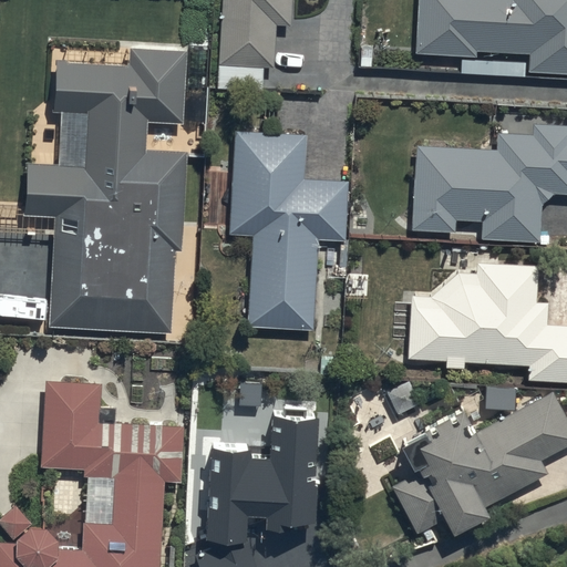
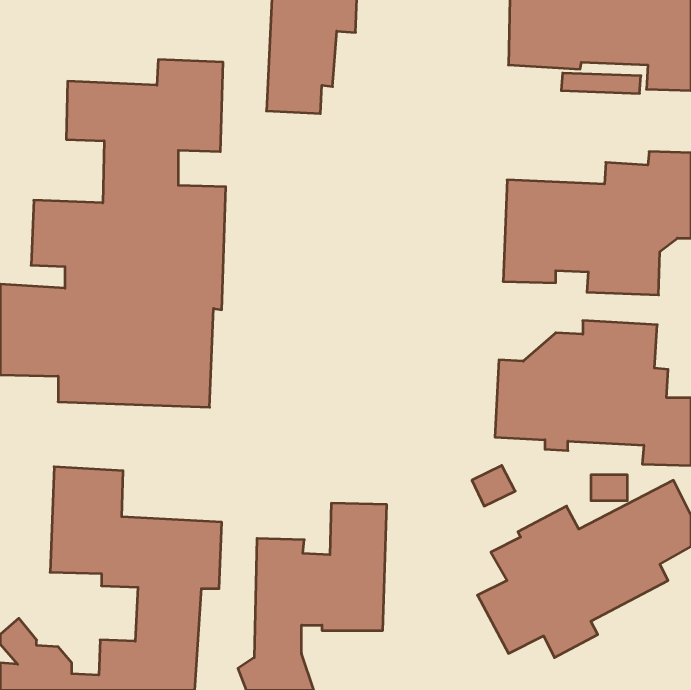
building: [228,131,348,330] -> none

